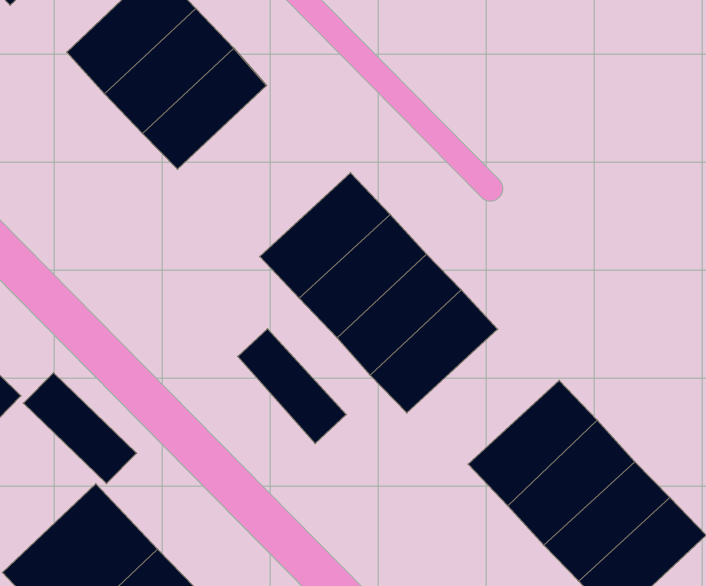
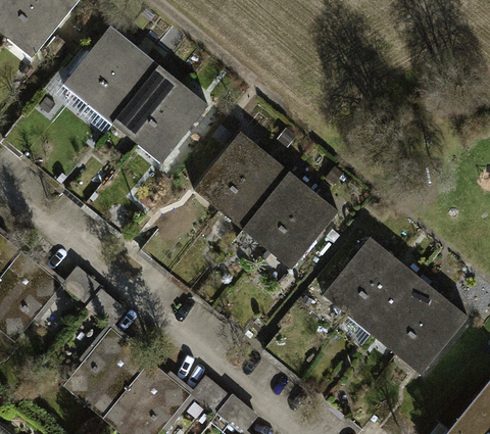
building: none -> [138,87,207,161]
building: [238,329,346,443] -> none

